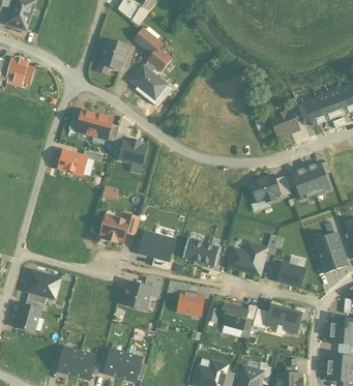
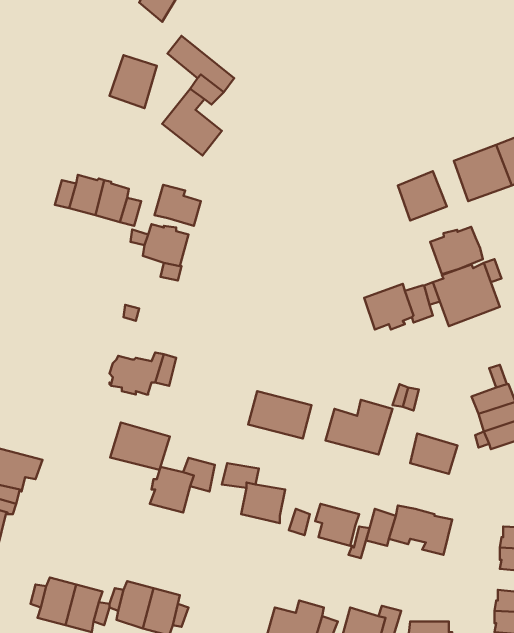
building: none -> [155,185,201,226]
building: none -> [430,227,483,274]
building: [58,151,85,173] -> none
building: [139,231,174,259] -> [110,422,170,470]

